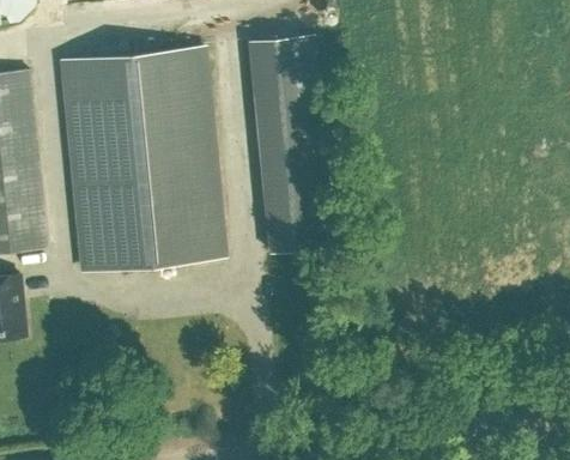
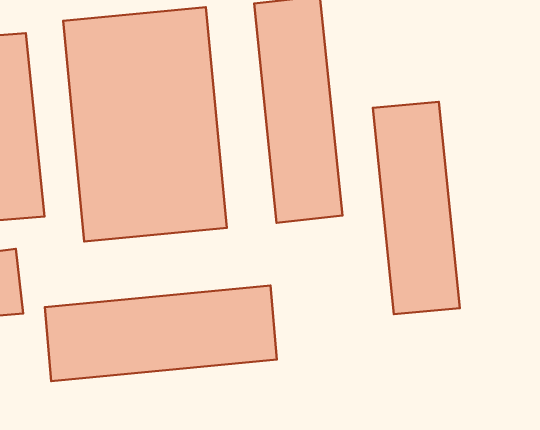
building: none -> [373,102,460,314]
building: none -> [45,286,277,381]

